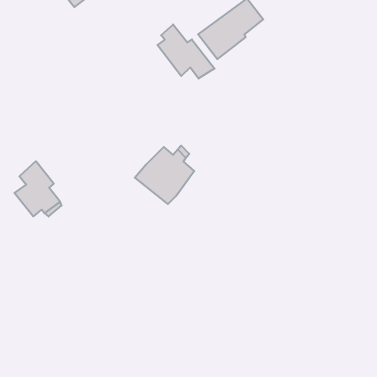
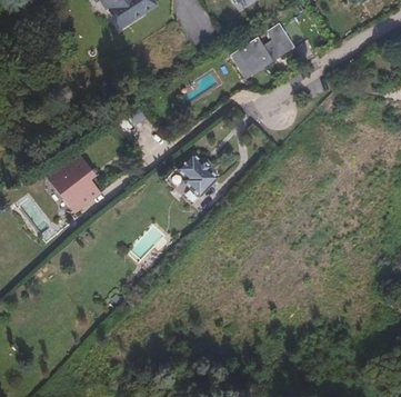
building: [157,24,215,79] -> none

